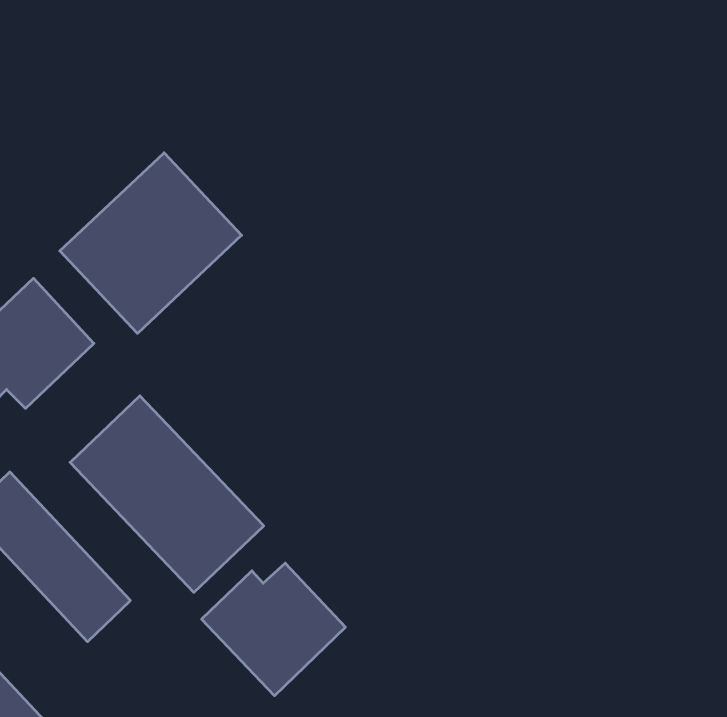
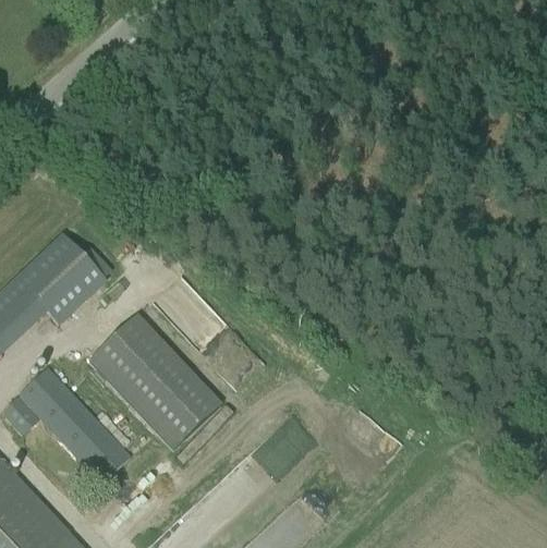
building: [60,153,242,333] -> none
building: [202,563,345,696] -> none

